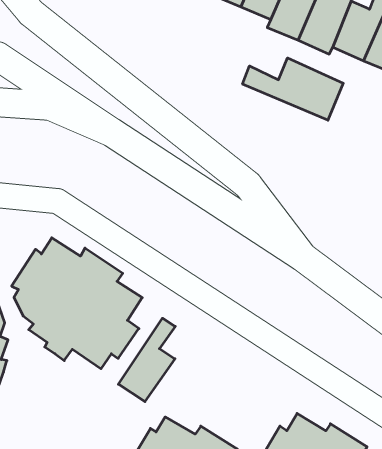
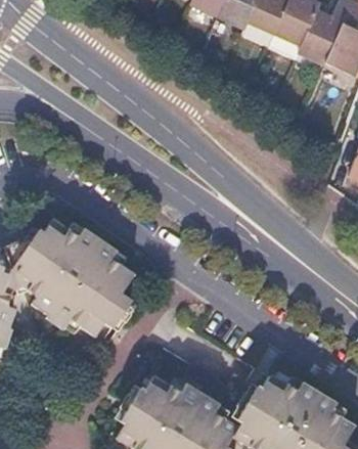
building: [243,58,343,120] -> none
building: [118,318,175,402] -> none

